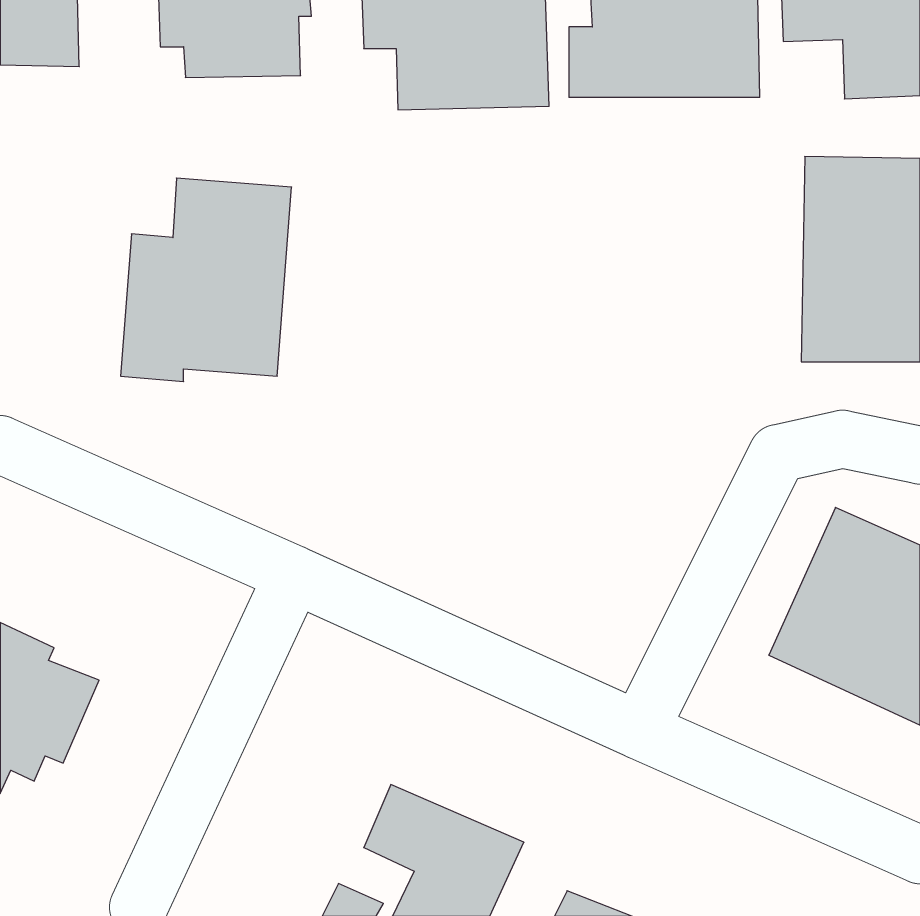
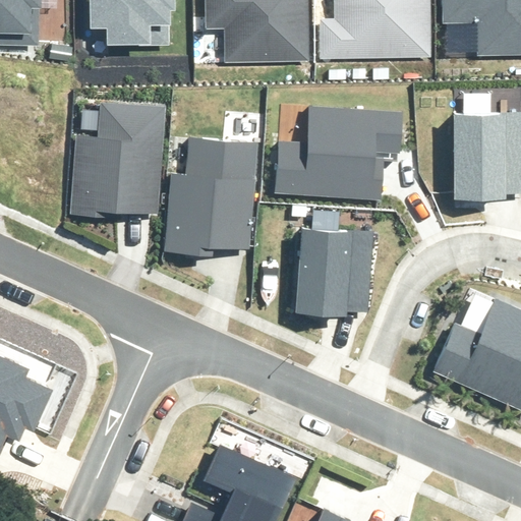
building: none -> [274,112,401,205]
building: none -> [159,141,264,271]
building: none -> [295,224,371,316]

